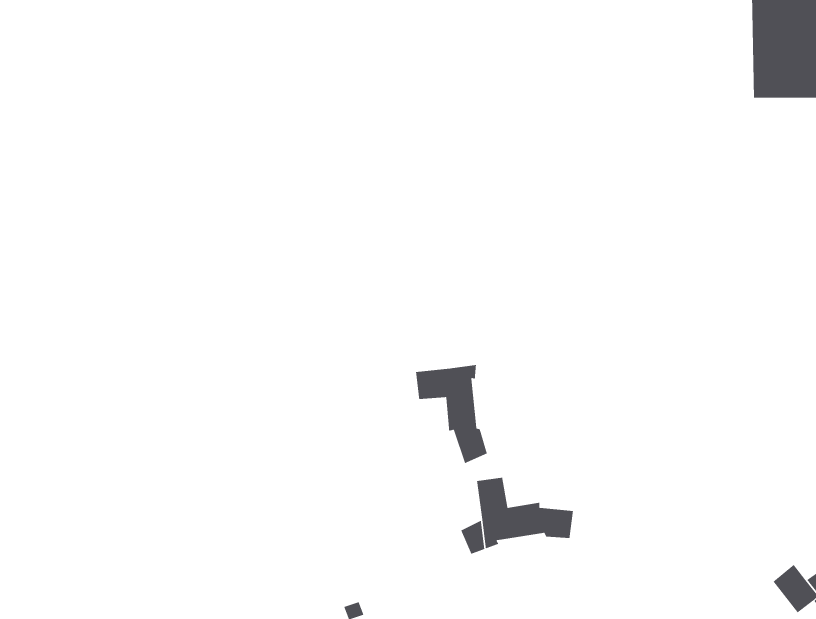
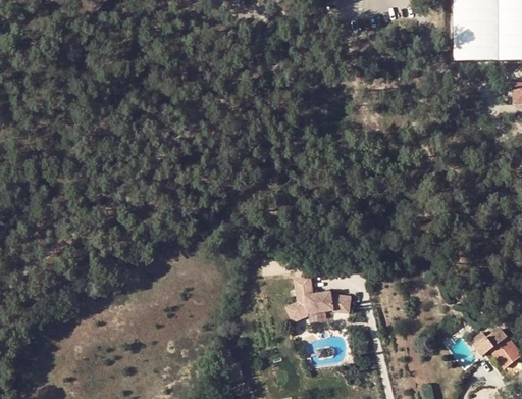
building: [415,364,488,464] -> none

